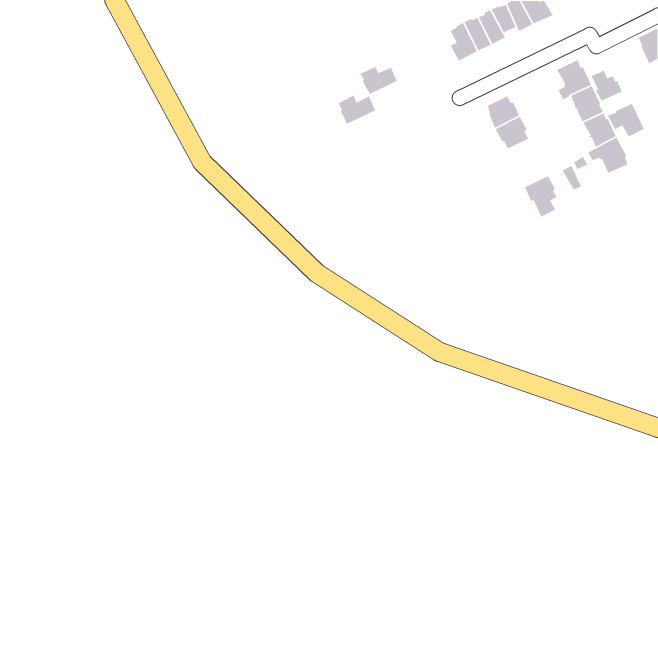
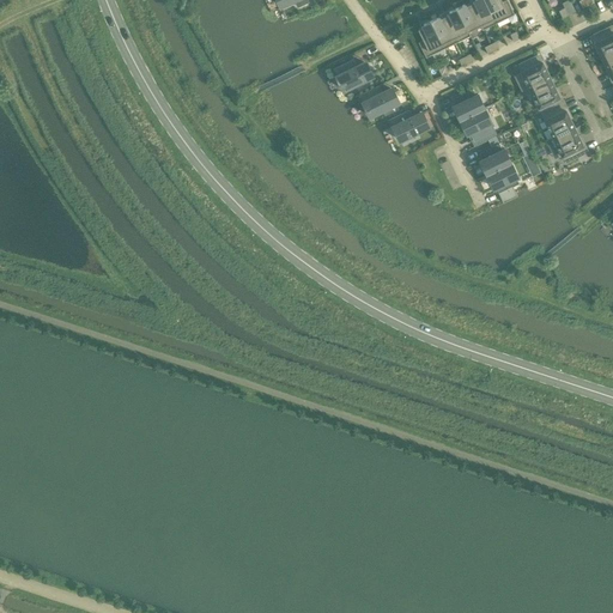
building: [591,70,623,102] -> none
building: [337,94,376,125] -> [360,87,396,116]
building: [607,103,645,137] -> none
building: none -> [390,113,426,141]
building: none -> [479,145,510,175]

